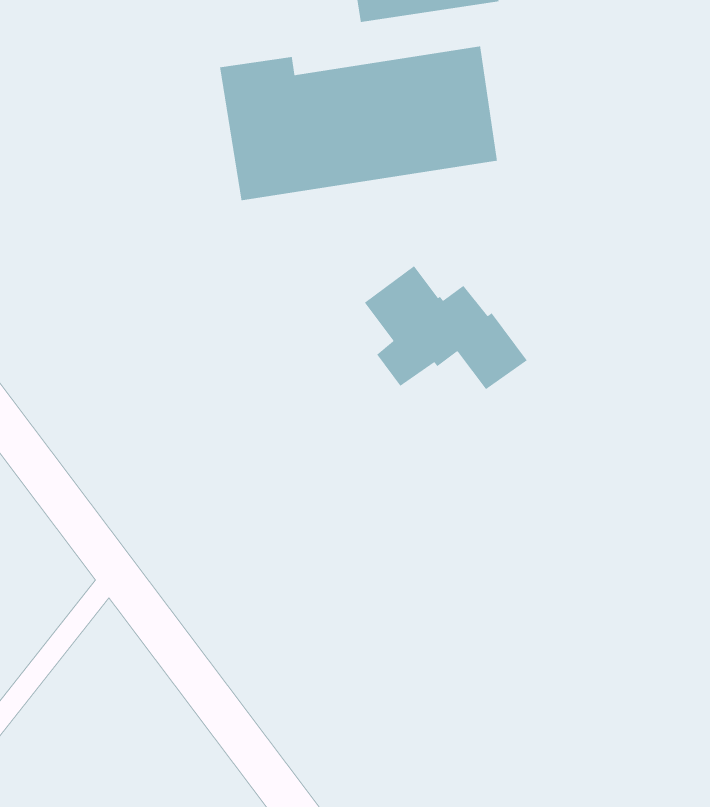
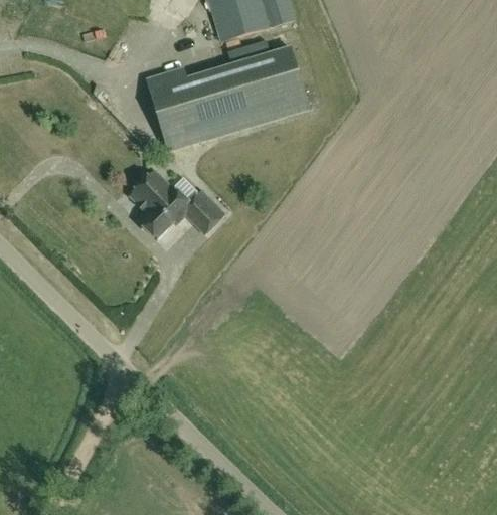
building: [364,265,528,390] -> [129,169,225,238]

